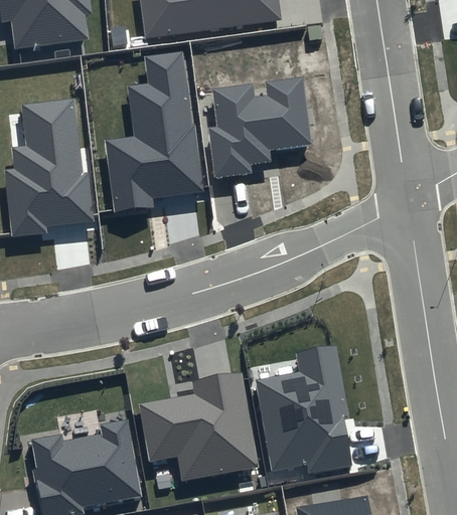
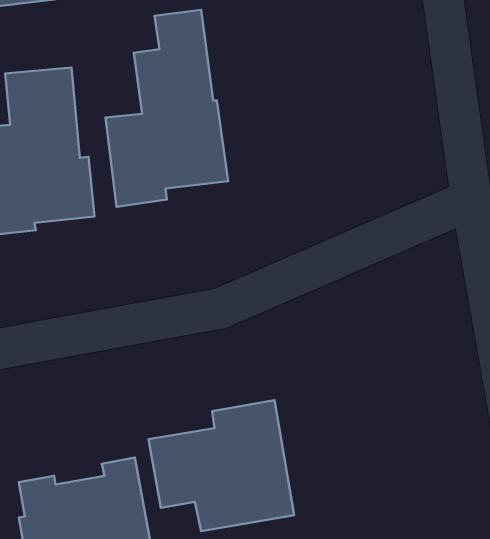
building: [207,77,311,178] -> none
building: [256,346,352,474] -> none

